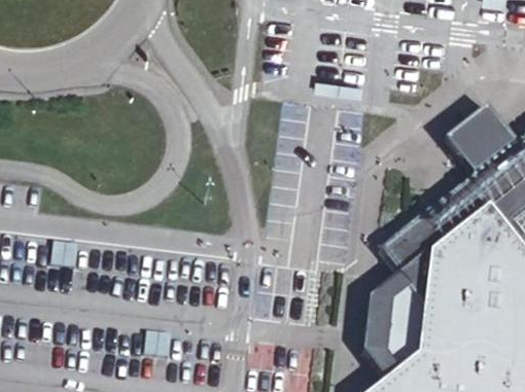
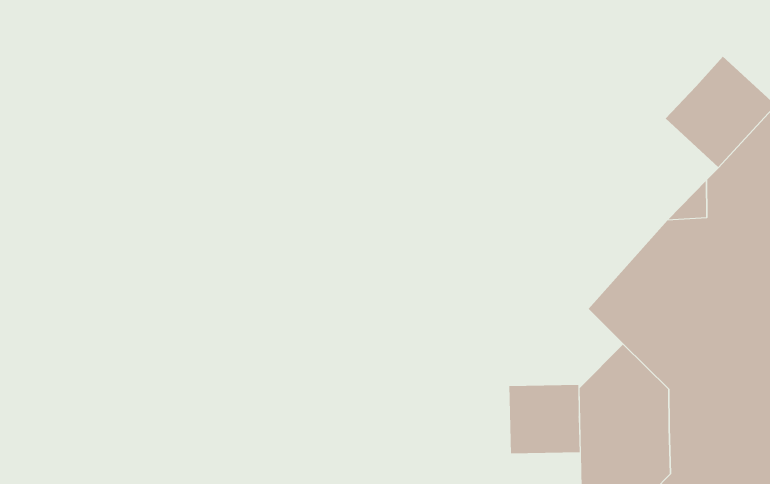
building: none -> [509,384,580,454]

